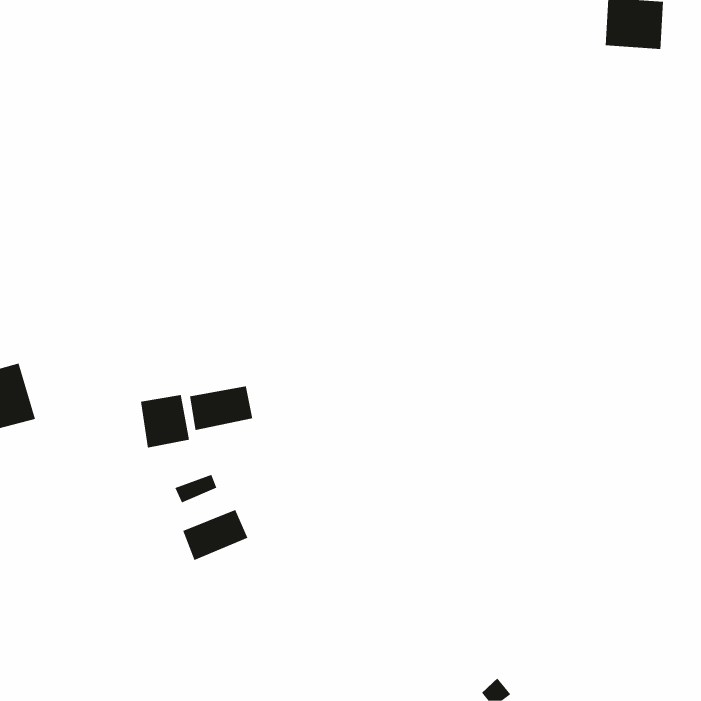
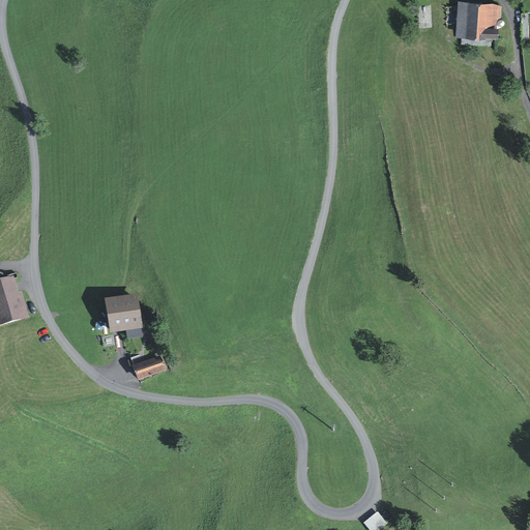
building: [190,385,253,431] -> none
building: [183,509,248,561] -> none

